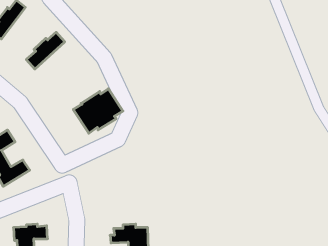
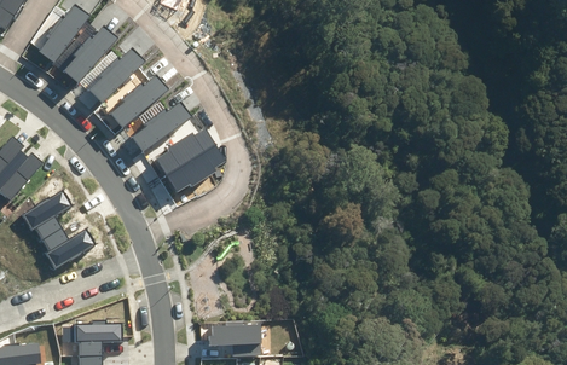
building: none -> [65,28,117,81]
building: none -> [111,76,167,127]
building: none -> [132,103,189,151]

